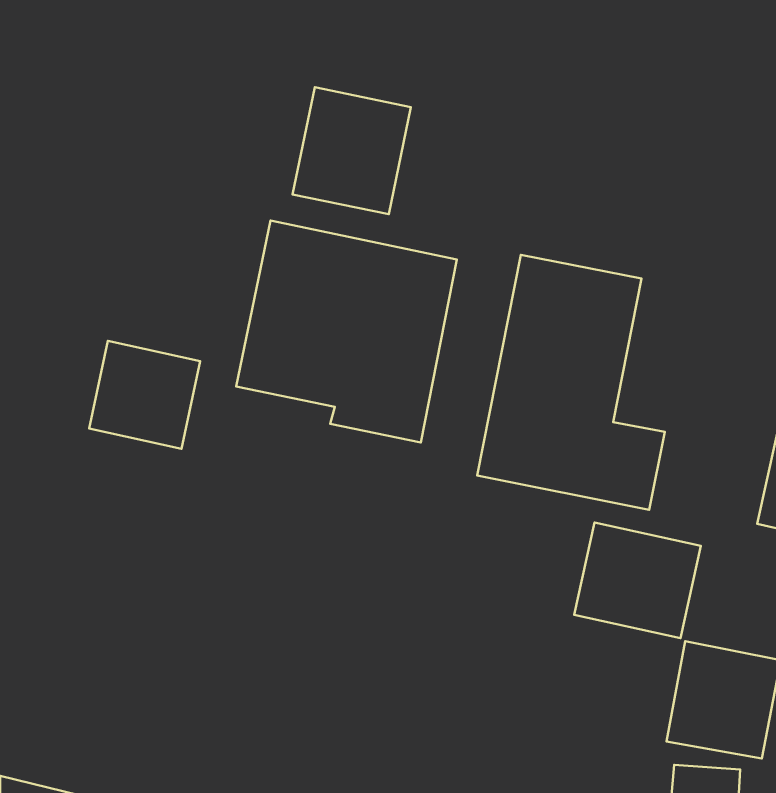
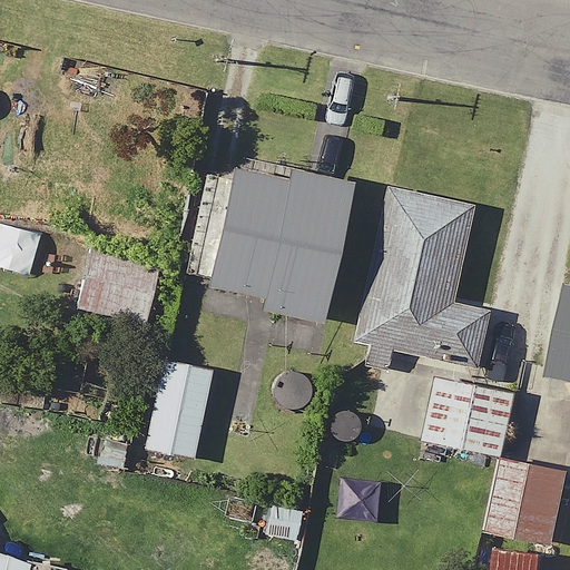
building: [293,87,411,214] -> none
building: none -> [147,361,215,460]

